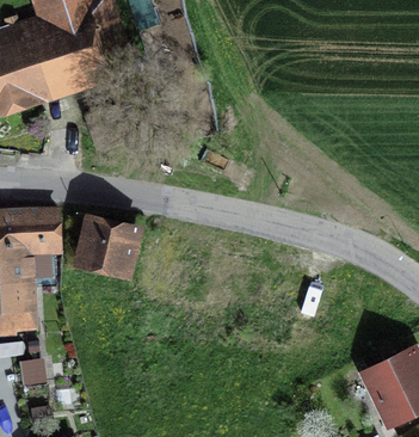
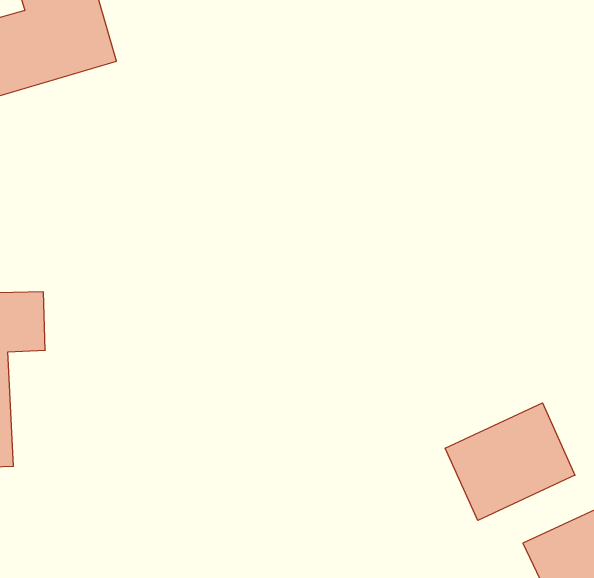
building: [80,221,130,275] -> none
building: none -> [445,403,575,520]

